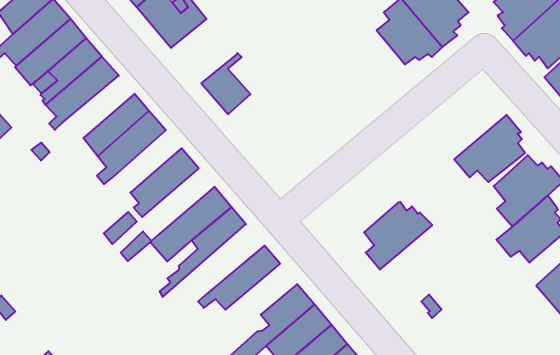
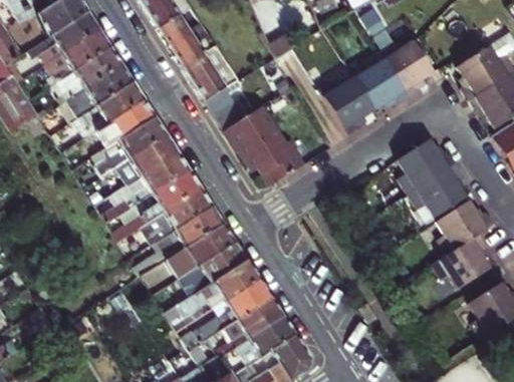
building: none -> [181,46,235,99]
building: none -> [318,75,375,137]
building: none -> [80,83,145,133]
building: none -> [222,105,303,186]
building: none -> [91,134,178,204]
building: none -> [137,170,201,222]
building: [364,202,432,270] -> [396,138,455,193]
building: none -> [142,223,236,295]
building: none -> [179,260,259,315]

